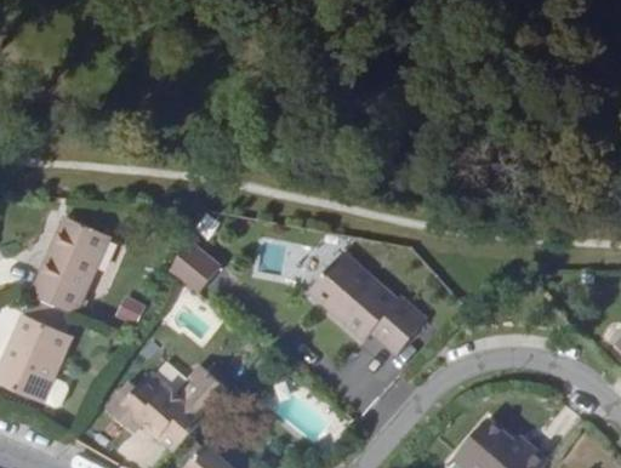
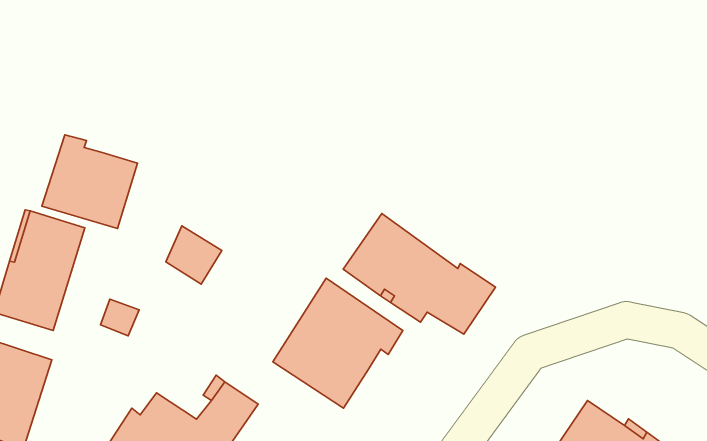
building: none -> [42,135,137,228]
building: none -> [273,278,403,408]

